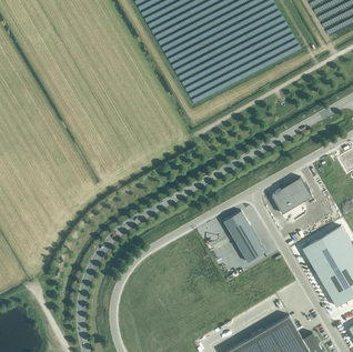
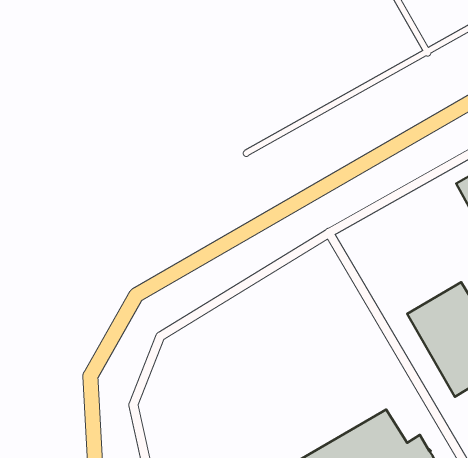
building: [273,180,313,215] -> none
building: [223,211,265,262] -> none

